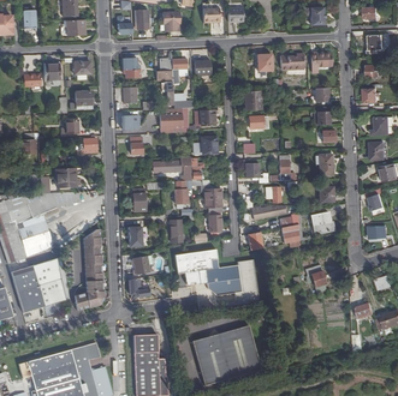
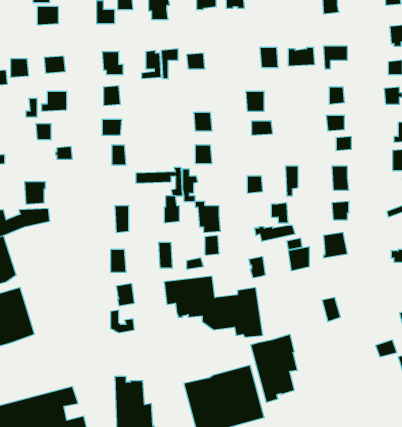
building: [159,107,188,132] -> none
building: [75,226,102,308] -> none
building: none -> [251,334,297,403]

